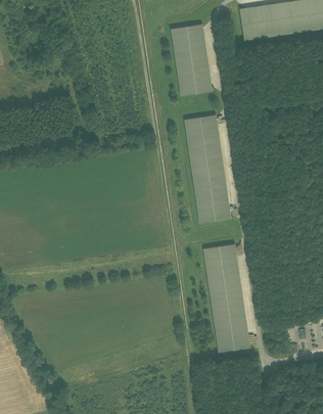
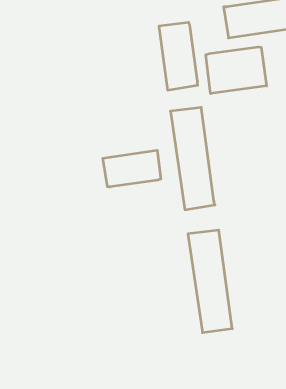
building: none -> [206,47,267,94]
building: none -> [103,150,161,187]

